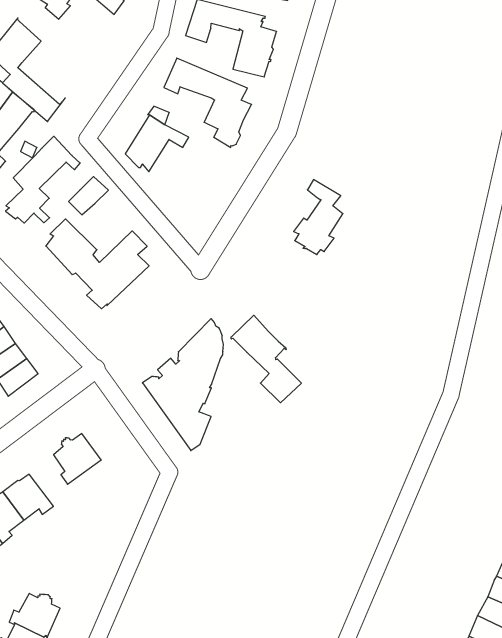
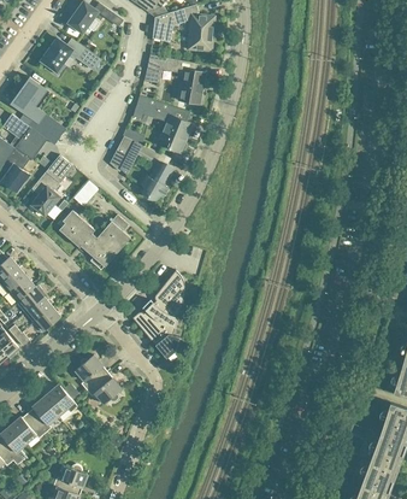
building: [294,180,343,255] -> [141,148,173,199]
building: [231,315,301,403] -> none
building: none -> [87,371,123,404]

